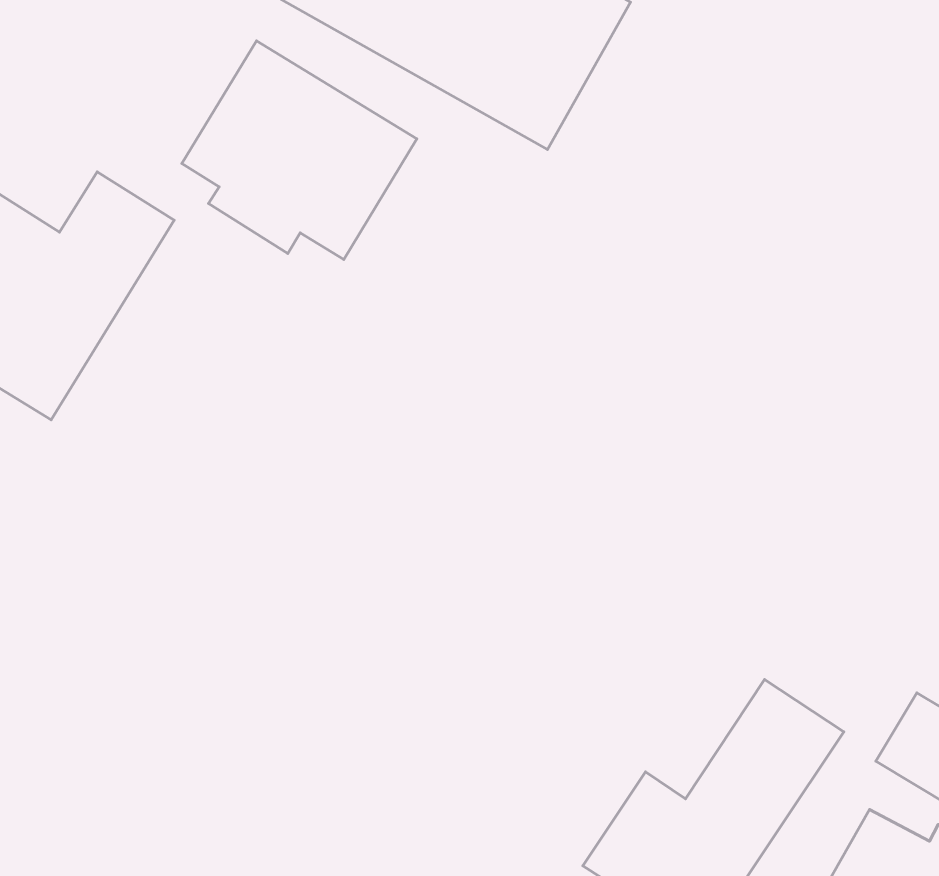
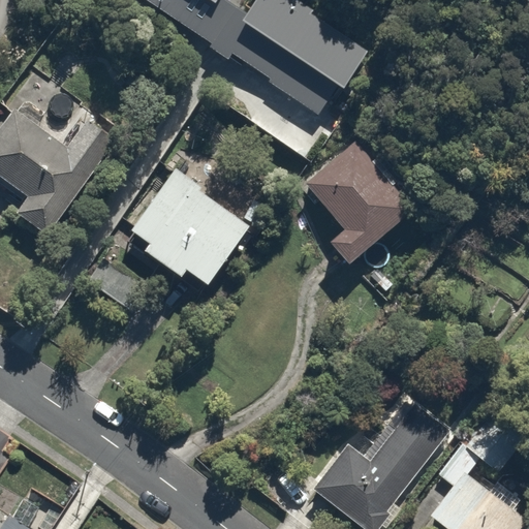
building: [182,41,417,260] -> [126,168,249,285]
building: none -> [304,137,414,262]

